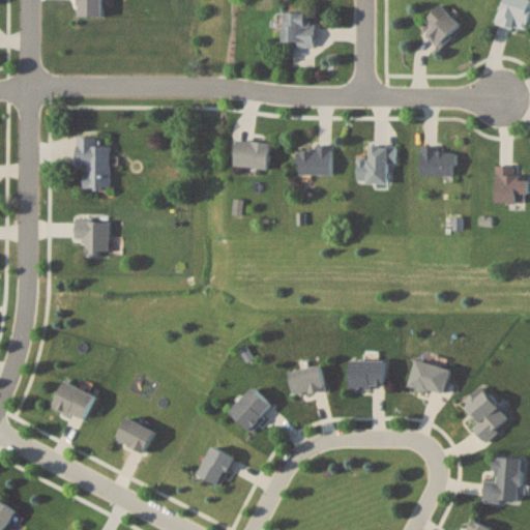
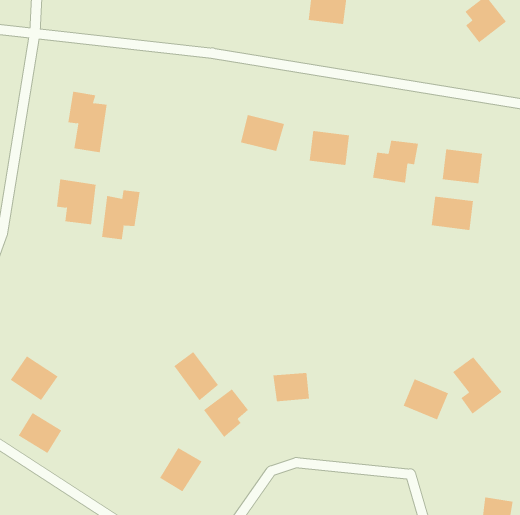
building: none -> [431,196,474,231]
building: none -> [101,190,140,240]
building: none -> [173,351,219,401]
building: [350,360,384,388] -> none
building: [462,389,509,442] -> [452,356,502,415]
building: [115,417,154,453] -> [18,412,62,454]

